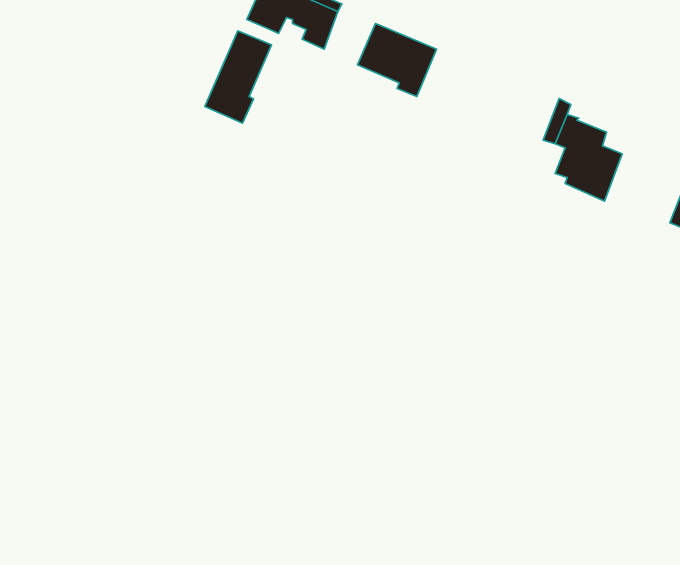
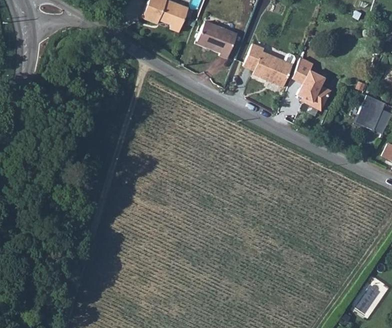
building: [205,31,271,123] -> none
building: none -> [243,42,295,86]

